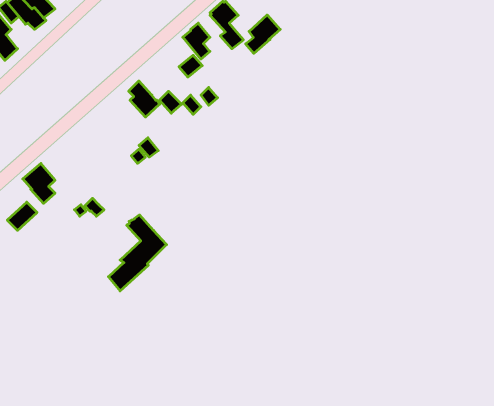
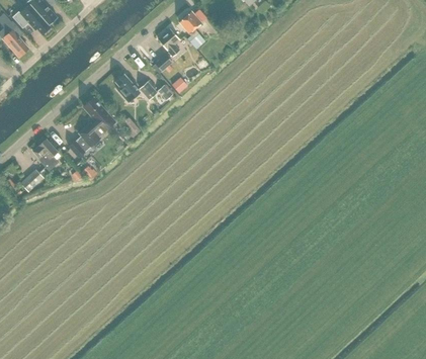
building: [246,15,280,53] -> none
building: [108,215,167,291] -> [69,97,114,157]

